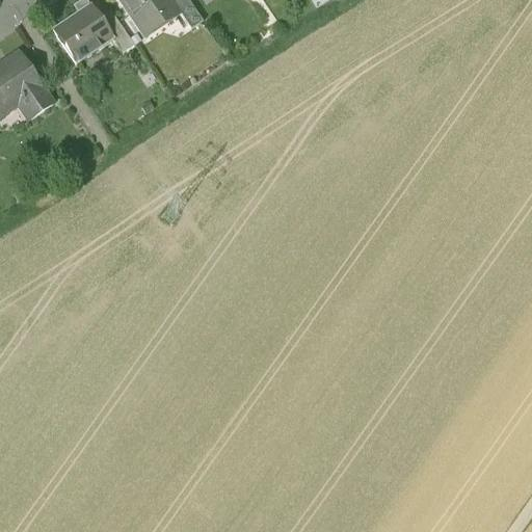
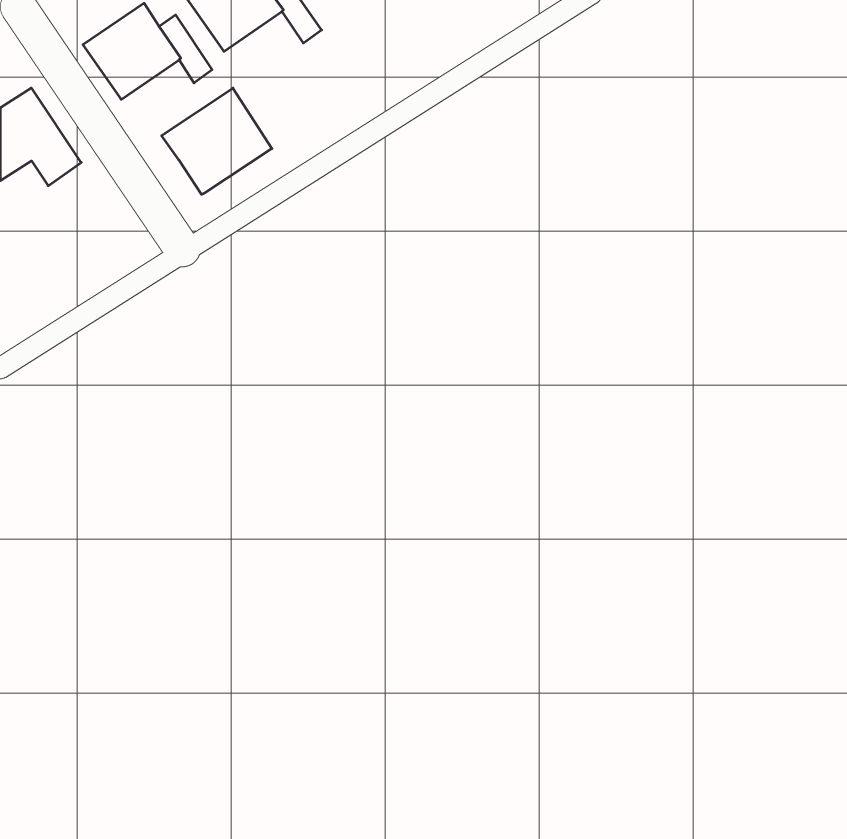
building: none -> [162,88,272,194]

